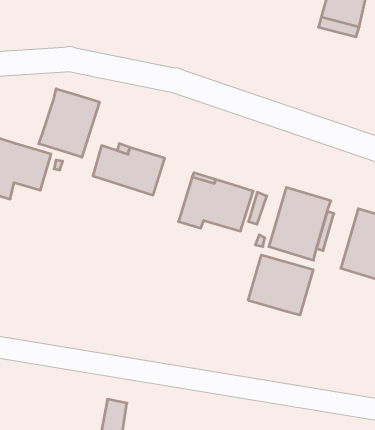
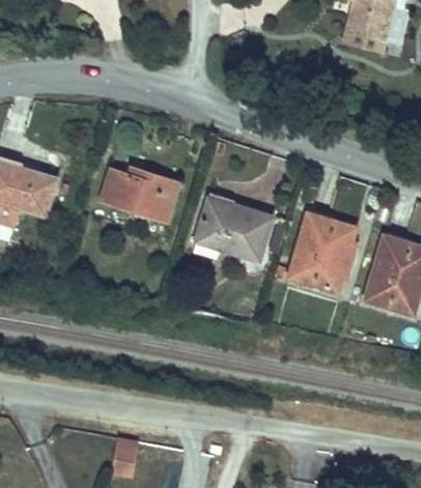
building: [39,89,99,157] -> none
building: [248,255,313,315] -> none

